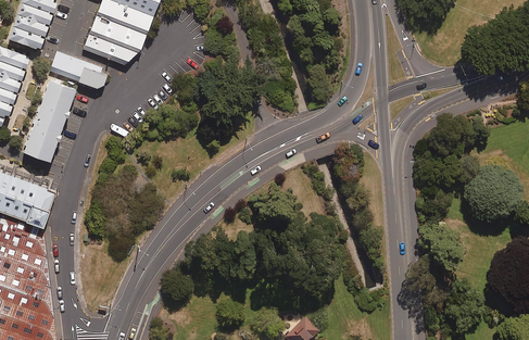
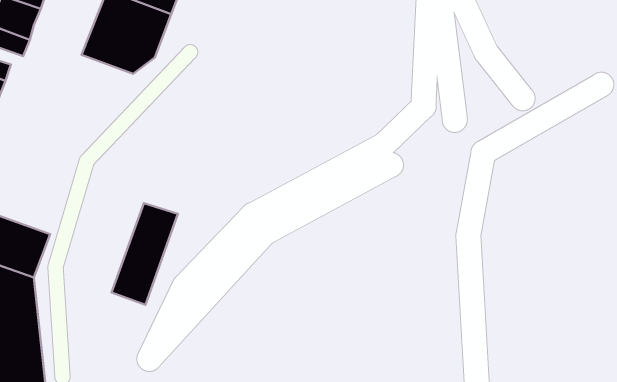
building: [49,52,108,88] -> none
building: [24,79,77,161] -> [111,203,178,305]

